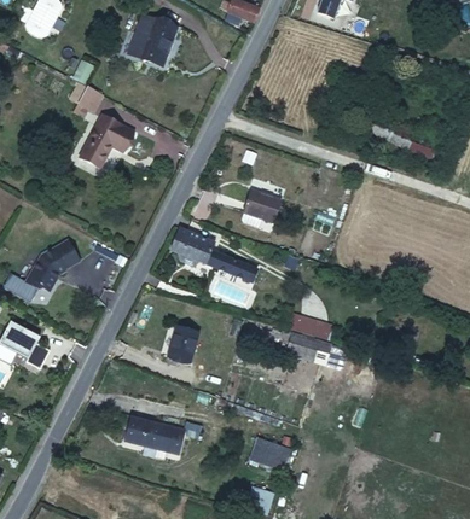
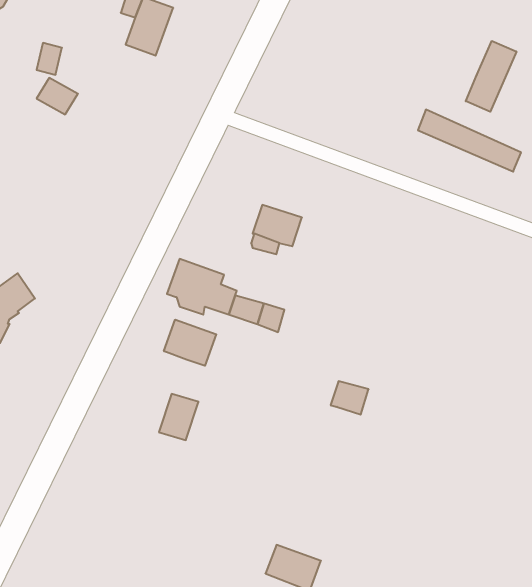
building: none -> [466,41,516,112]
building: [77,119,133,177] -> none
building: none -> [164,320,216,366]
building: [126,416,182,455] -> none

